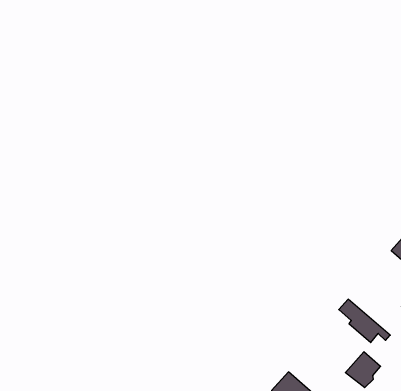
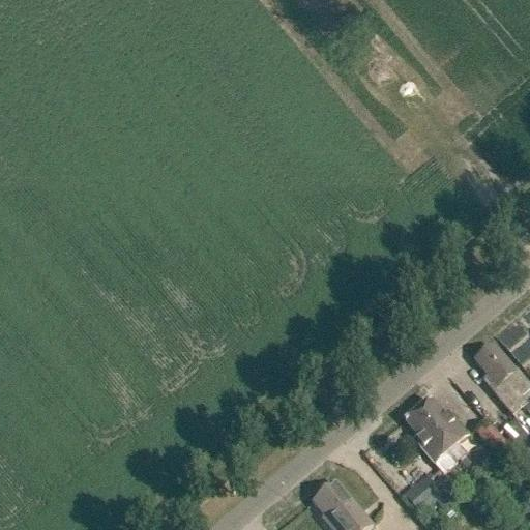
building: none -> [416,396,468,455]

